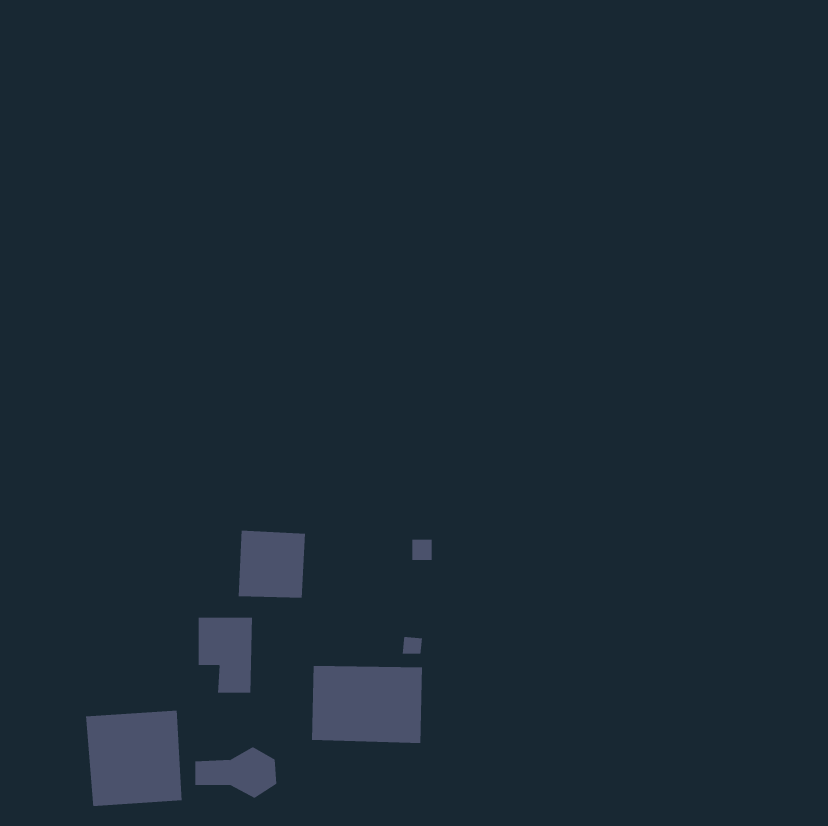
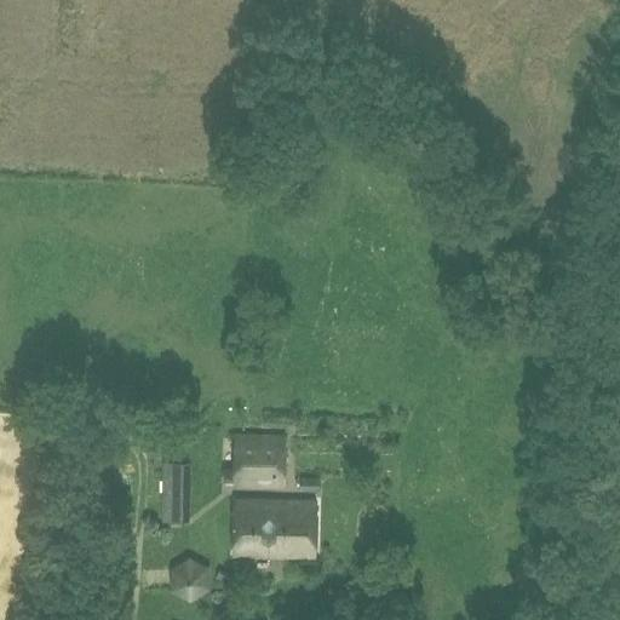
building: [238,530,306,598] -> [234,434,285,484]
building: [86,710,182,807] -> none

